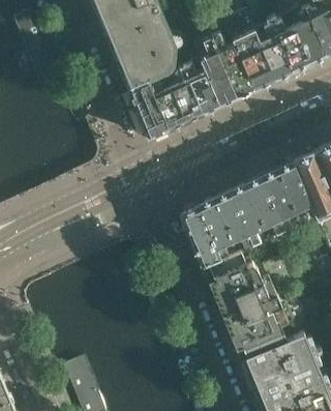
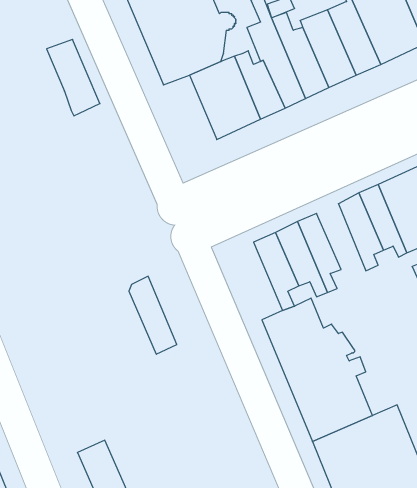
building: [128,81,169,139] -> [47,39,100,116]
building: [244,178,281,233] -> none
building: [182,207,218,266] -> [129,276,177,354]

